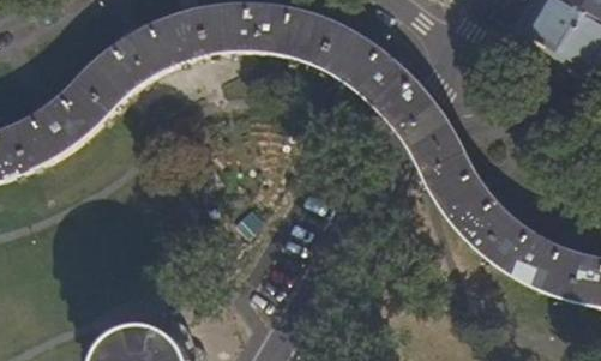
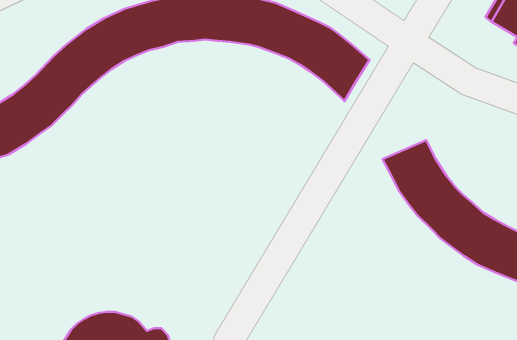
building: [380,70,463,170] -> none

